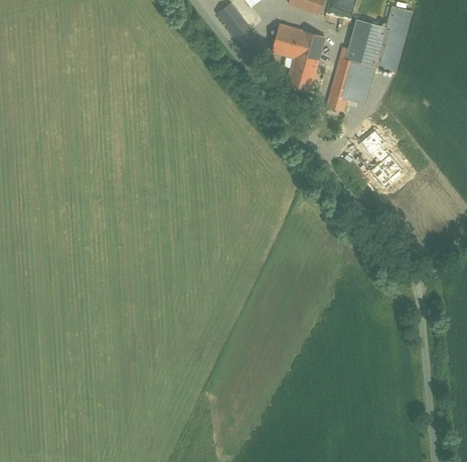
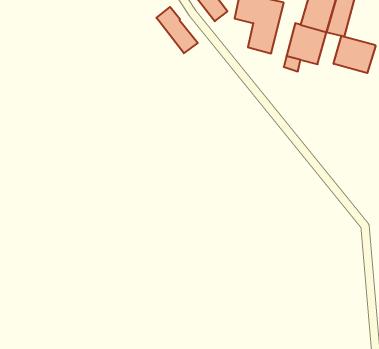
building: none -> [156,7,198,53]
building: none -> [334,36,375,73]

